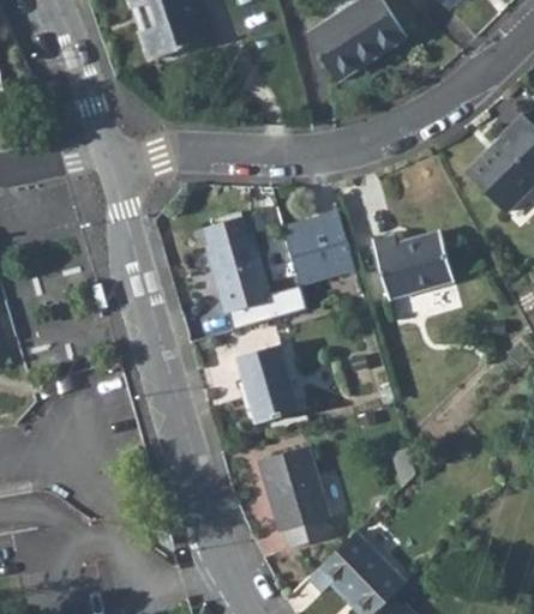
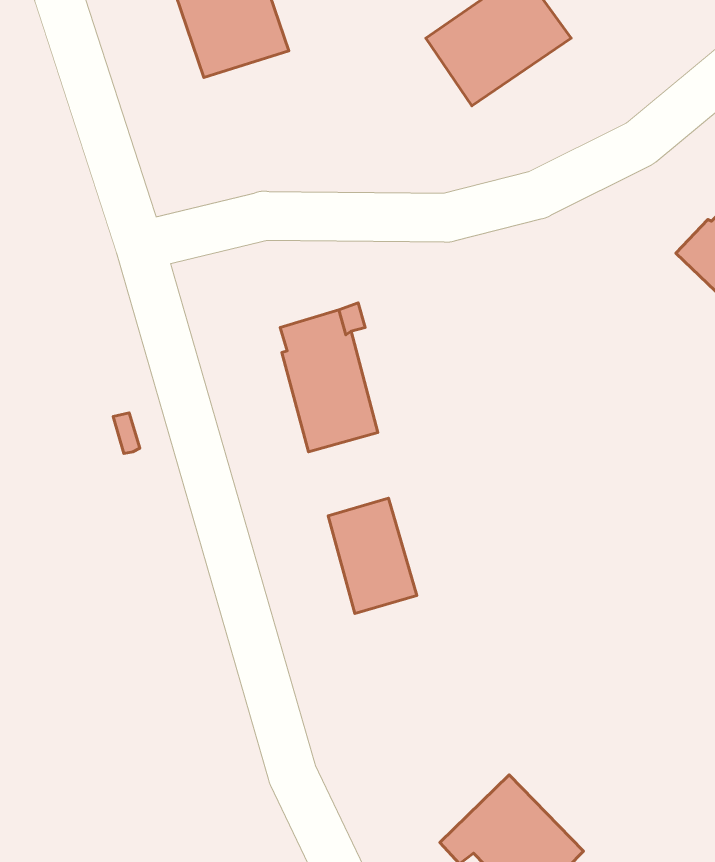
building: [283,210,355,283] -> none
building: [376,234,457,297] -> none
building: [259,446,325,541] -> none

